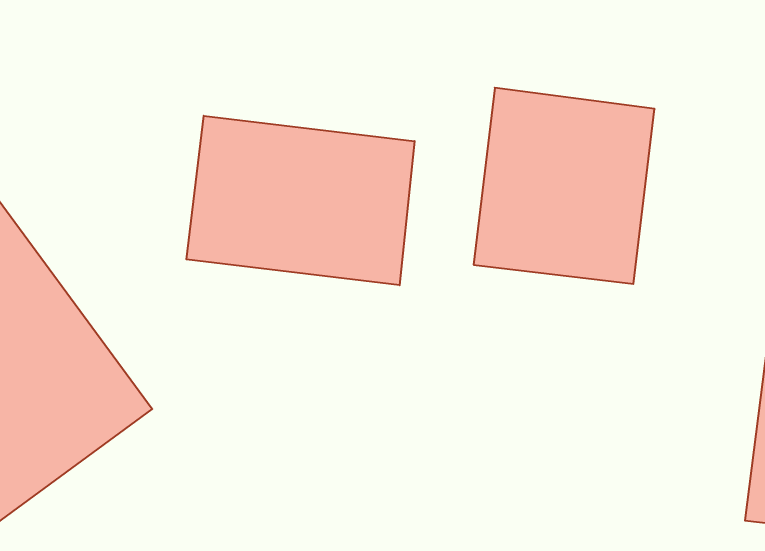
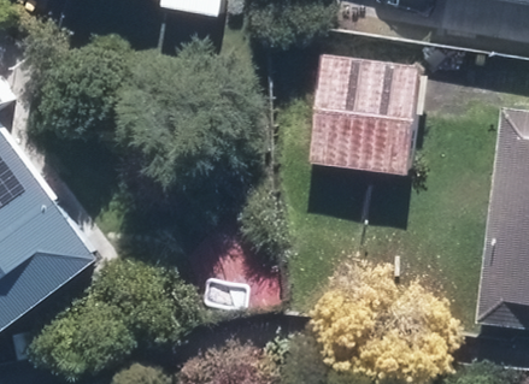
building: [186,116,415,285] -> none

